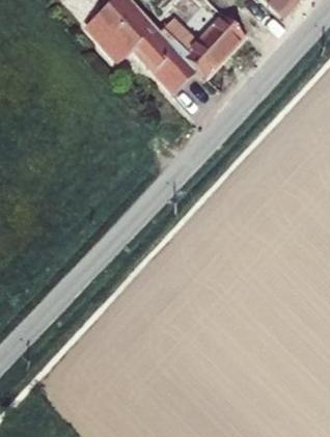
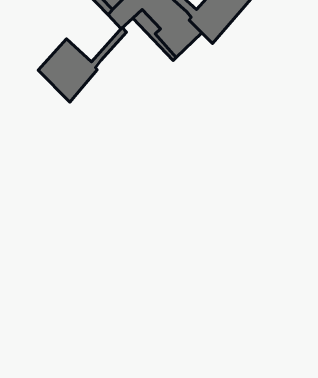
building: none -> [38,28,127,102]

